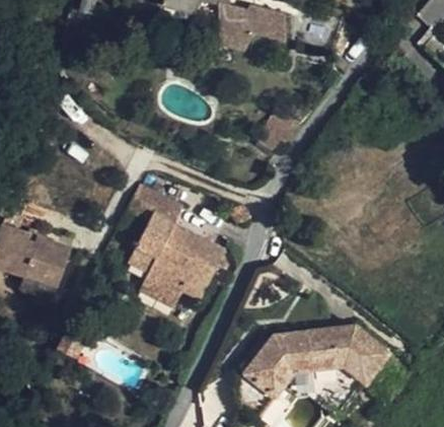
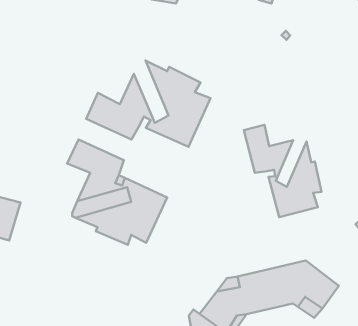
building: none -> [86,61,211,147]
building: none -> [244,125,322,217]

